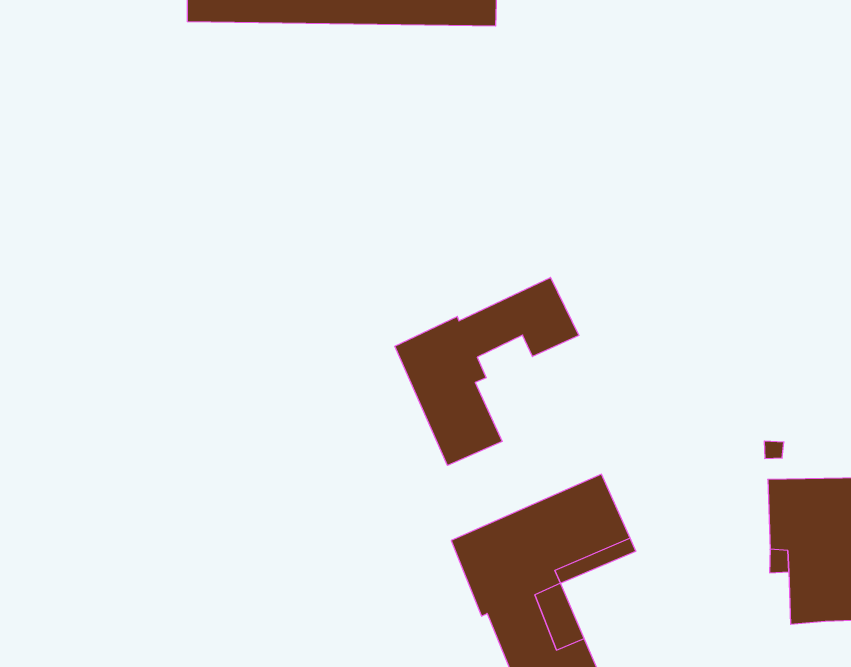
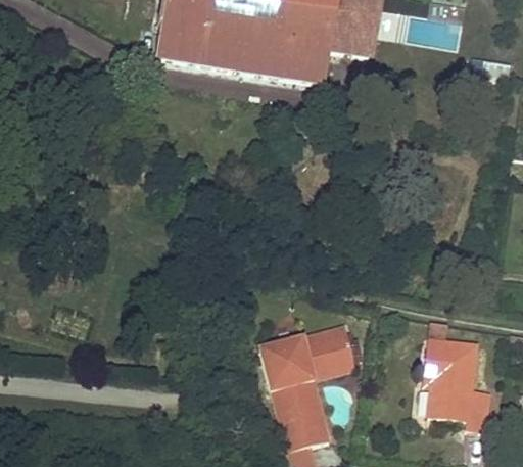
building: [395,277,579,465] -> none

